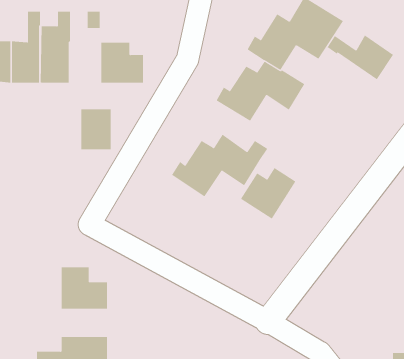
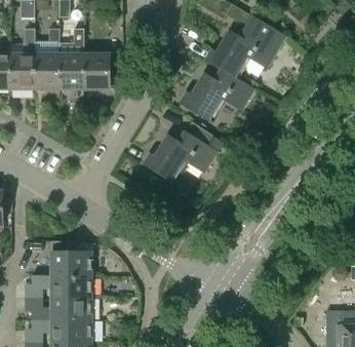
building: [327,35,394,80] -> none
building: [81,109,112,150] -> [58,54,84,88]
building: [240,167,296,219] -> none
building: none -> [31,275,90,298]

